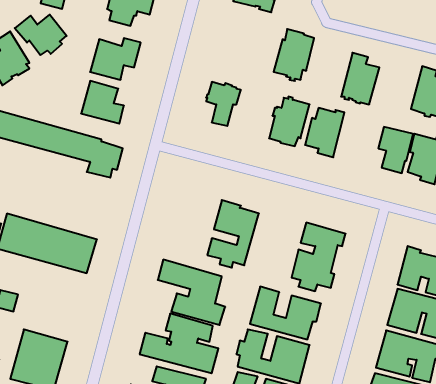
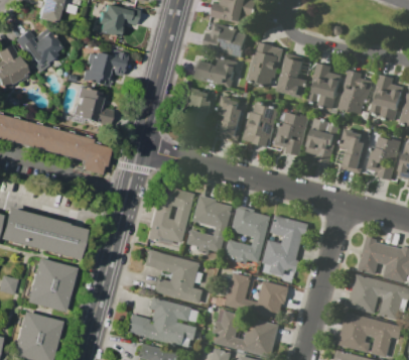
building: none -> [215,25,248,57]
building: none -> [276,53,307,98]
building: none -> [192,56,238,89]
building: none -> [337,70,373,115]
building: none -> [218,96,248,137]
building: none -> [306,118,339,164]
building: none -> [147,186,195,243]
building: none -> [225,205,272,264]
building: none -> [26,258,77,313]

